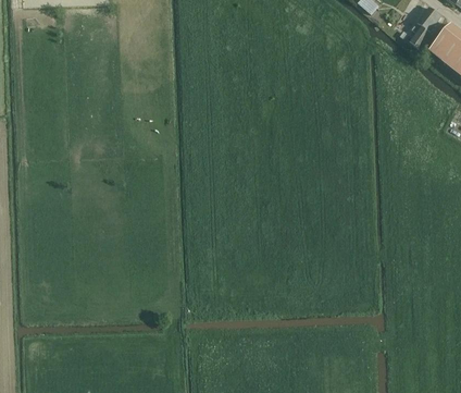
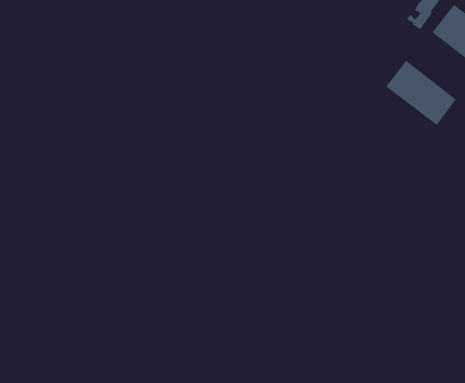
building: none -> [386,60,456,126]

